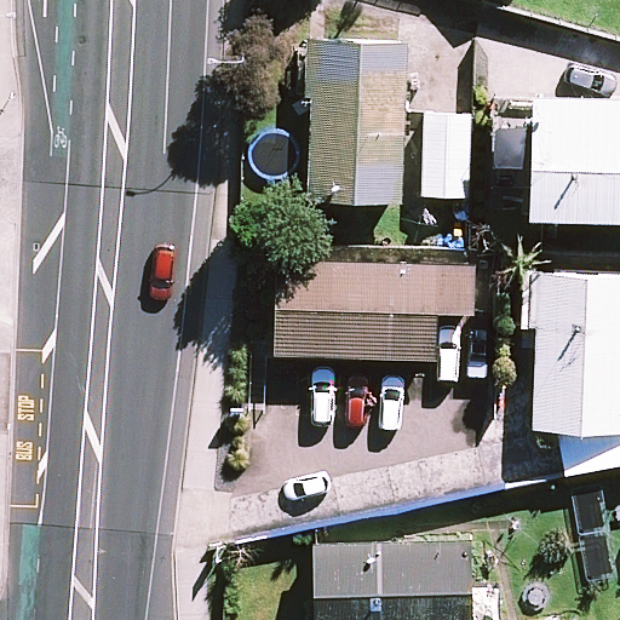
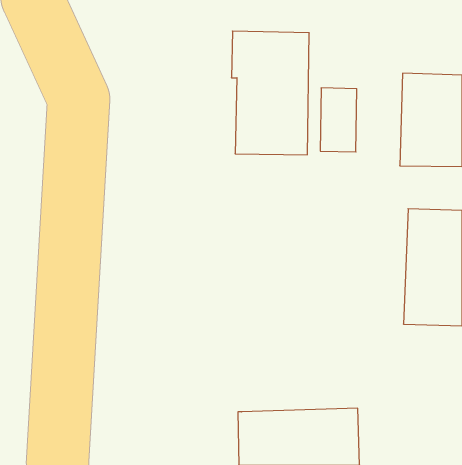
building: [277,260,476,362] -> none

